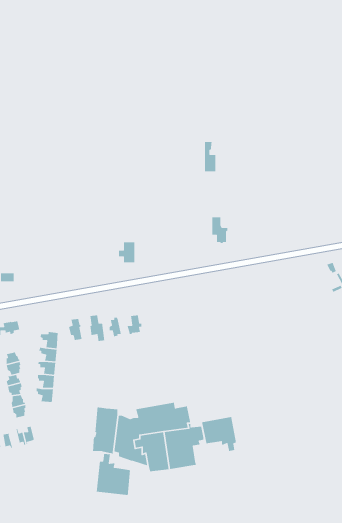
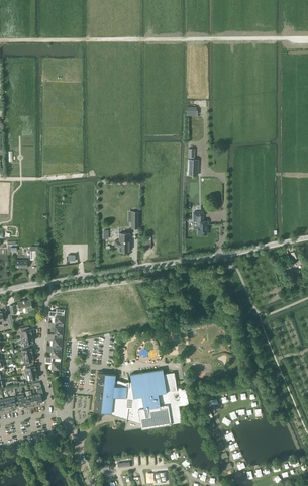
building: [201,416,237,452] -> none
building: [96,453,131,496] -> none

